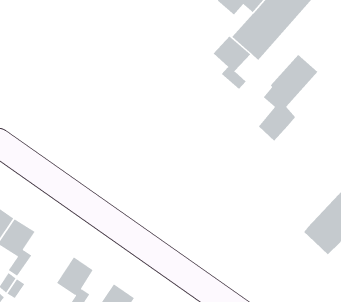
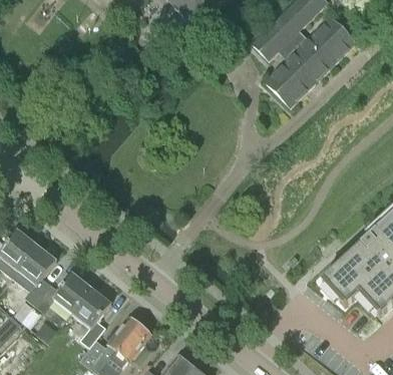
building: [213,35,251,90] -> none
building: [258,54,318,142] -> none
building: none -> [34,273,91,313]

